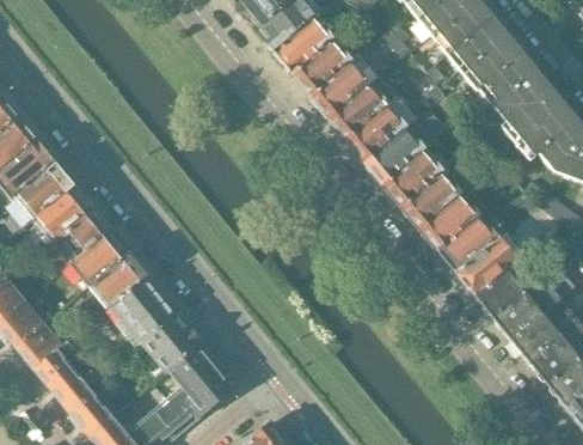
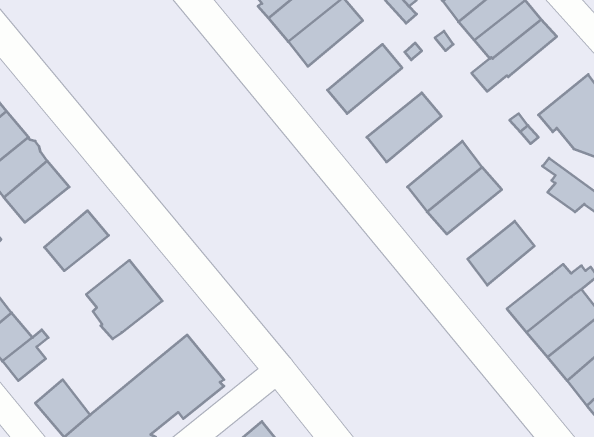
building: [311,56,379,120] -> none
building: [493,71,566,142] -> none
building: [346,99,415,163] -> none
building: [382,144,452,208] -> none
building: [53,208,110,263] -> none
building: [437,211,507,274] -> none
building: [84,252,148,307] -> none
building: [474,256,534,319] -> none
building: [141,312,203,371] -> none
building: [47,365,98,406] -> none

